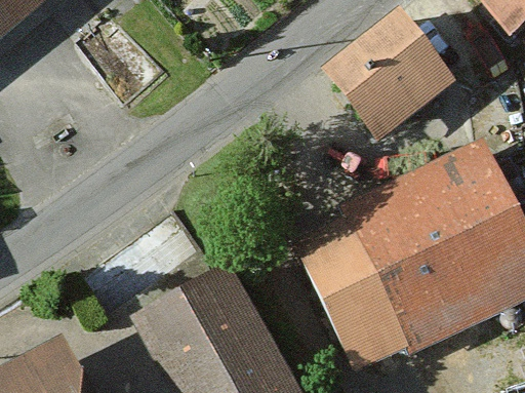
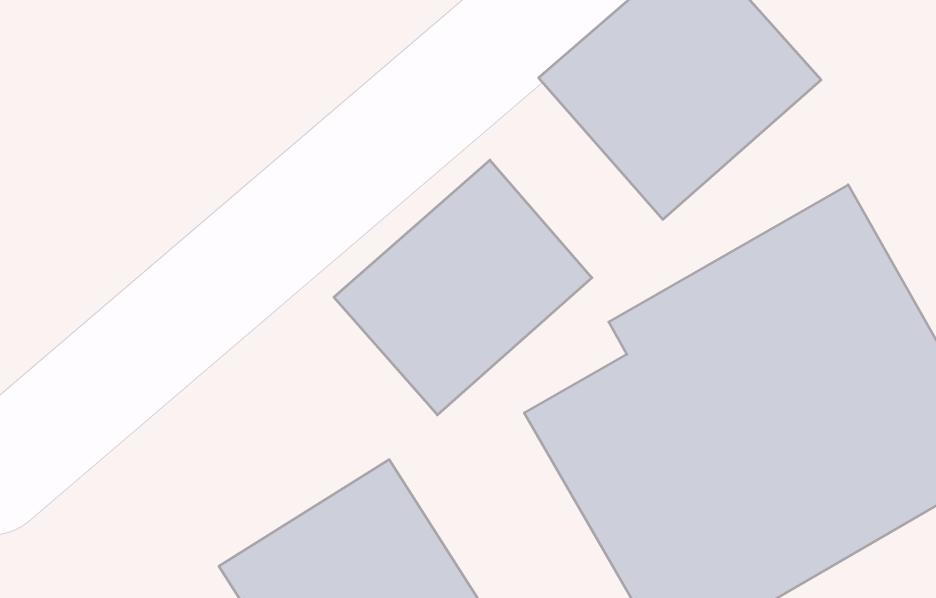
building: none -> [334,160,592,415]

